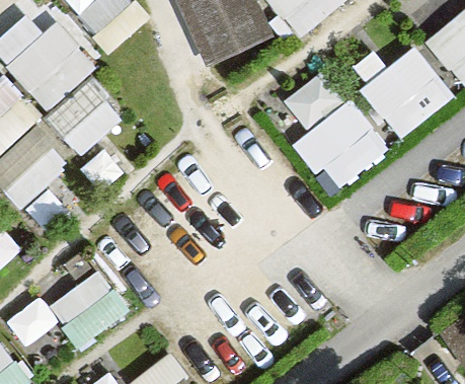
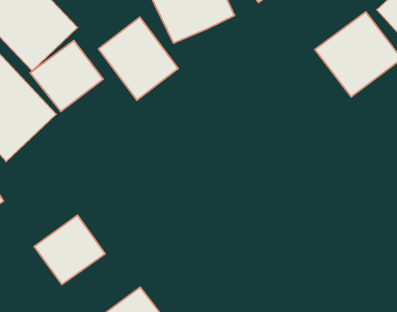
building: none -> [98,17,178,100]
building: [277,69,390,188] -> none

